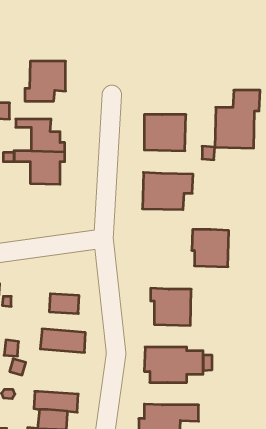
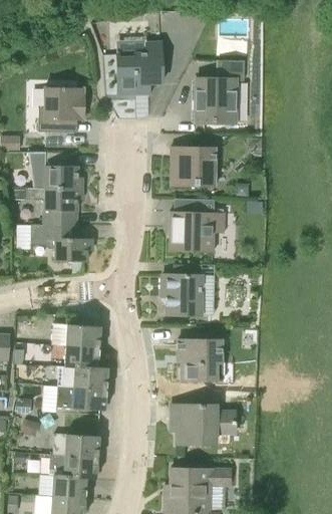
building: none -> [116,41,161,94]
building: [215,90,260,148] -> [195,59,245,123]
building: none -> [31,223,92,261]
building: [192,230,229,267] -> [161,274,203,315]
building: none -> [66,324,99,347]
building: none -> [57,364,107,389]
building: none -> [53,433,98,457]

